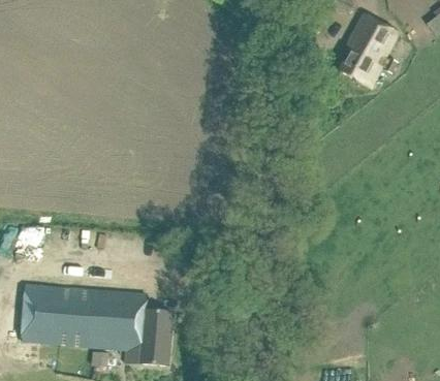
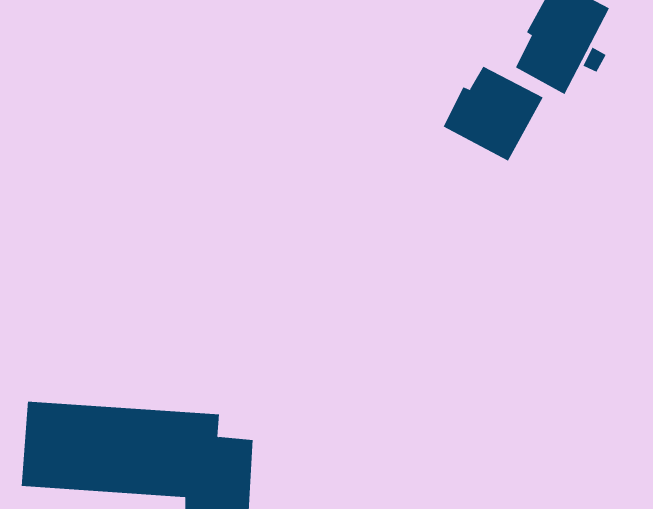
building: none -> [443,66,544,162]

